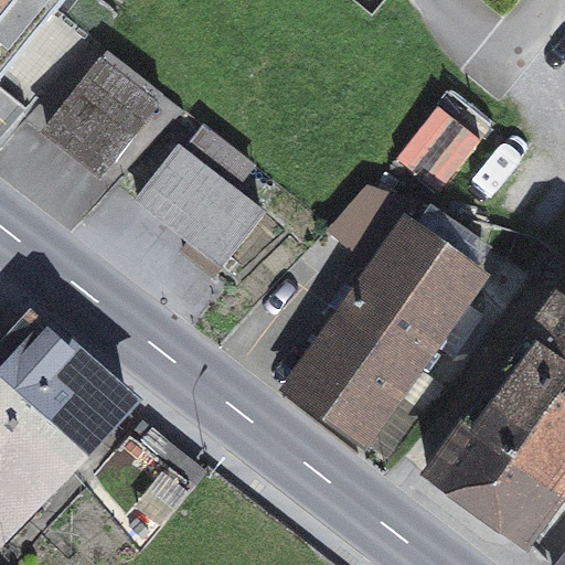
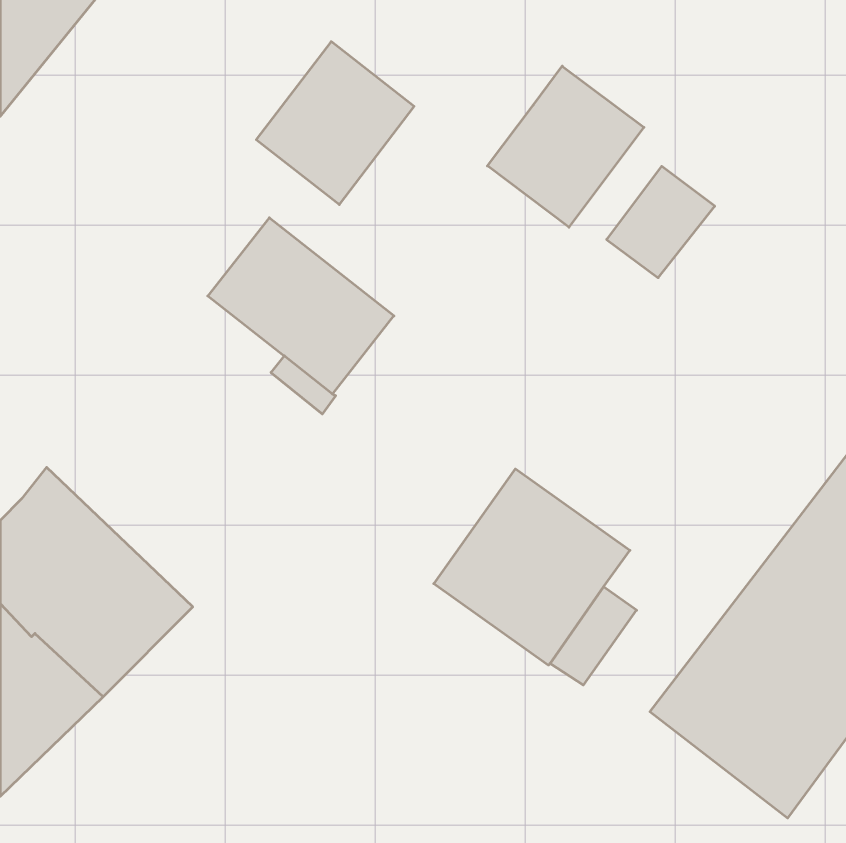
building: none -> [487,66,644,227]
building: [51,62,156,170] -> [256,42,414,205]
building: [331,183,483,370] -> none

